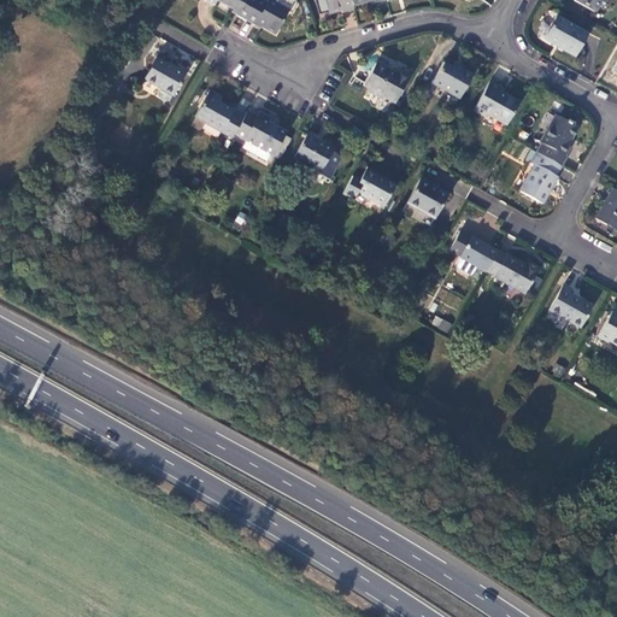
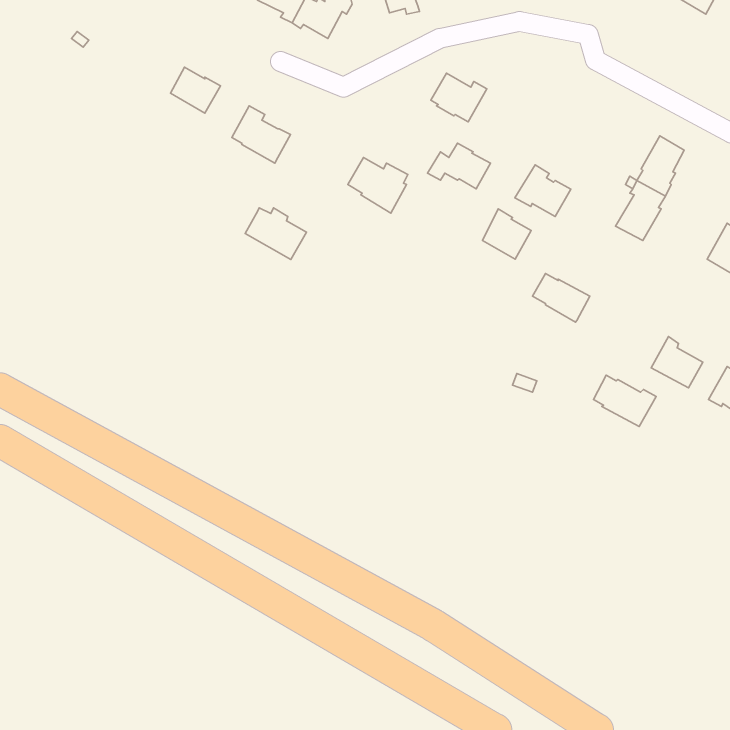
building: [543,16,588,55] -> none
building: [433,61,474,98] -> none
building: [474,81,521,124] -> [515,165,571,216]
building: [235,111,287,154] -> [245,208,307,259]
building: [342,168,395,206] -> [428,143,490,189]
building: [487,249,540,293] -> [593,375,656,427]

